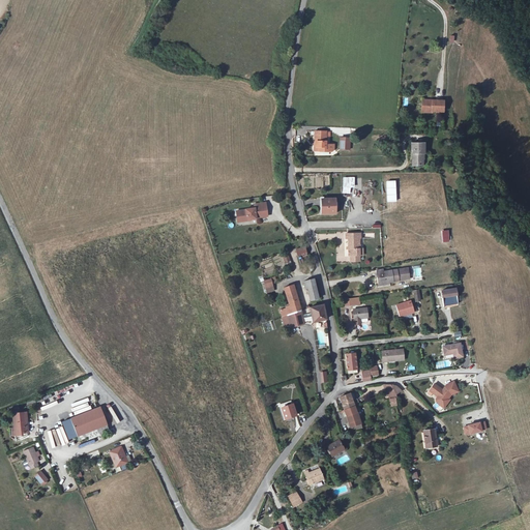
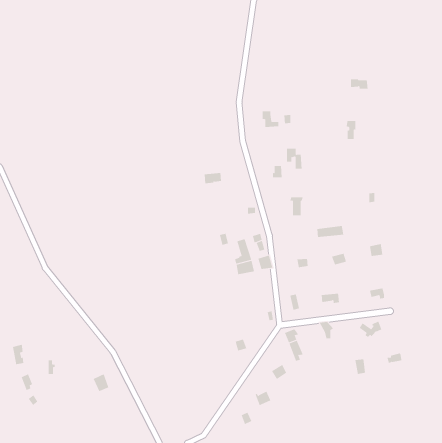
building: [63,406,112,440] -> none

